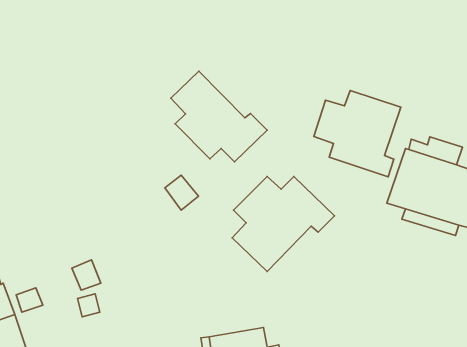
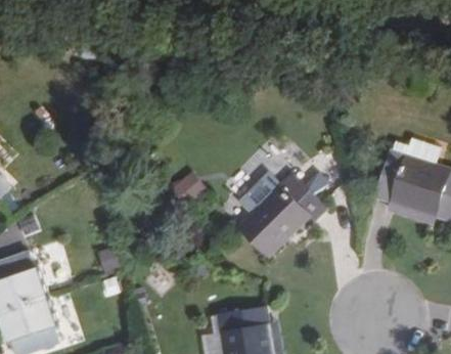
building: [171,71,267,162] -> none
building: [314,91,401,177] -> none

